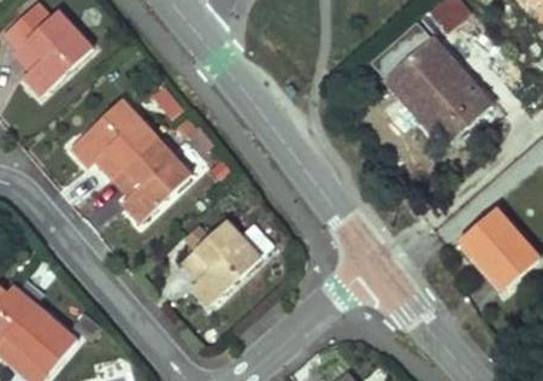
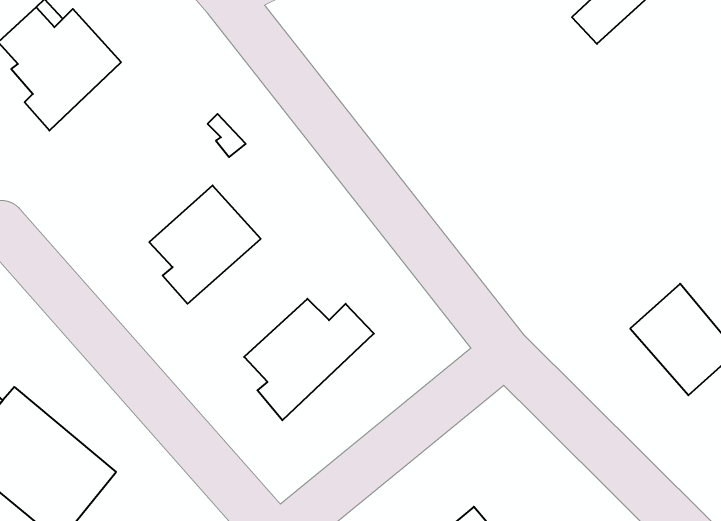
building: [368,23,491,148] -> none
building: [70,99,158,178] -> none

